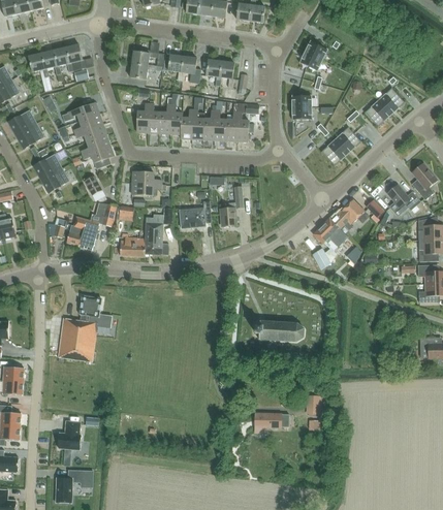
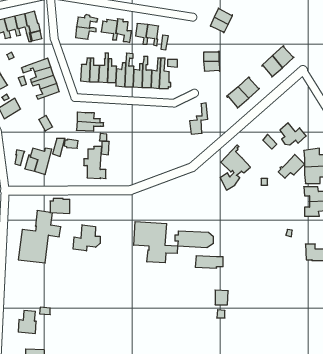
building: [83,145,114,168] -> none
building: [411,162,437,199] -> none
building: [40,166,69,192] -> none
building: [220,186,243,225] -> [190,103,208,134]
building: [331,198,365,228] -> [278,154,305,178]
building: [179,199,211,227] -> none
building: [120,236,145,255] -> [50,199,70,213]
building: none -> [134,222,177,263]
building: none -> [73,225,100,251]
building: [254,412,289,427] -> [195,256,223,268]

